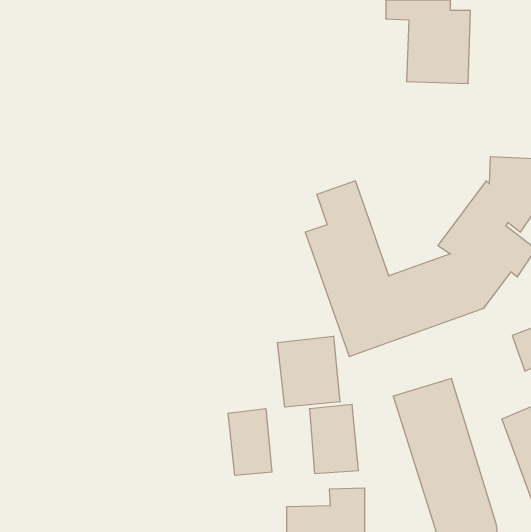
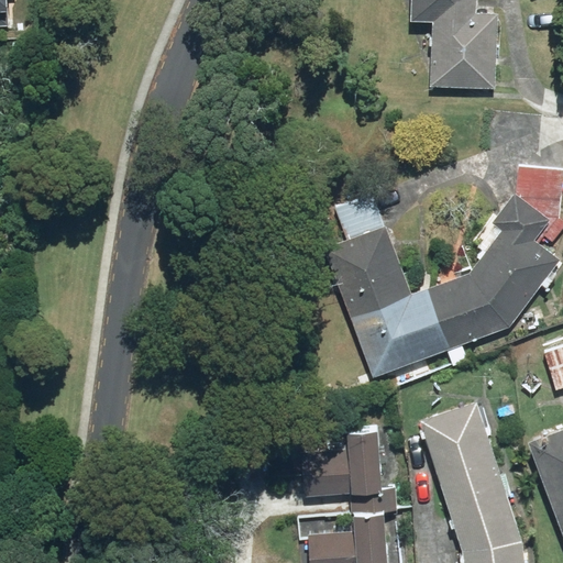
building: [278,336,340,407] -> none
building: [228,408,272,475] -> none

